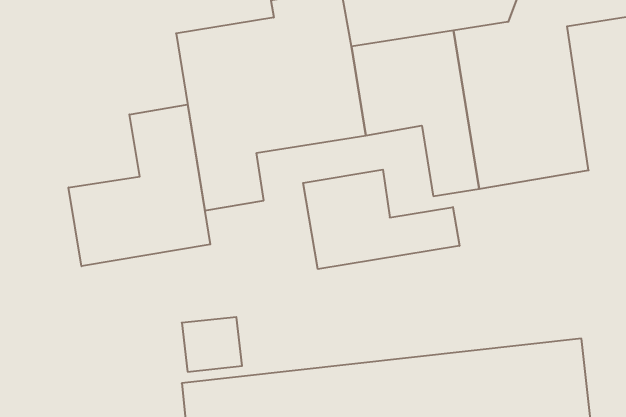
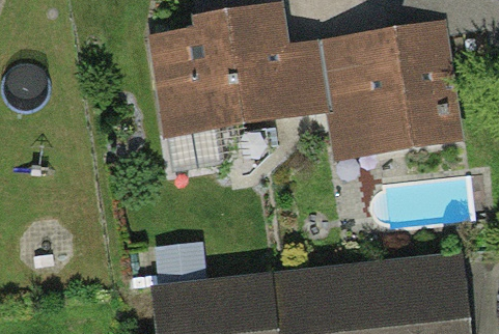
building: [69,105,210,266] -> none
building: [303,170,459,269] -> none

